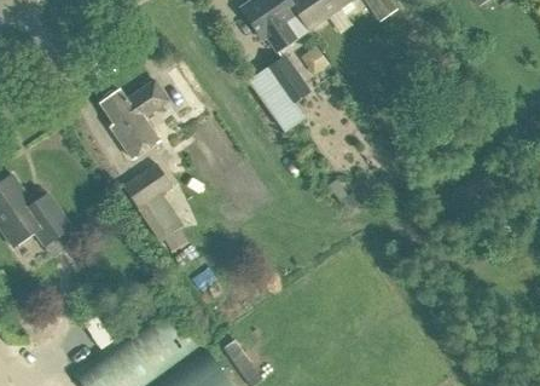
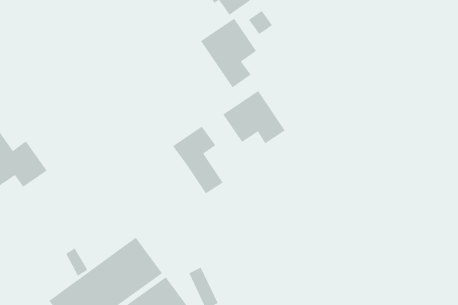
building: [101,80,169,159] -> none
building: none -> [223,90,286,144]
building: [123,163,181,241] -> [172,126,224,194]

